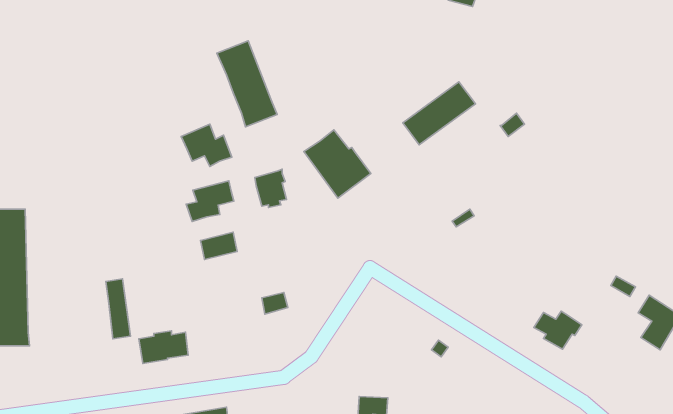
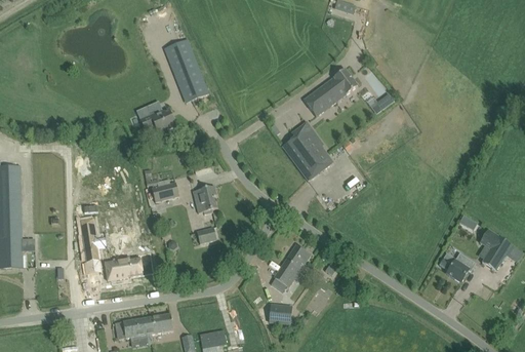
building: [304,130,371,198] -> [282,129,332,181]
building: [255,169,286,208] -> [193,185,216,213]
building: [186,181,234,221] -> none
building: [534,311,582,349] -> [439,252,475,281]
building: none -> [271,243,311,291]

